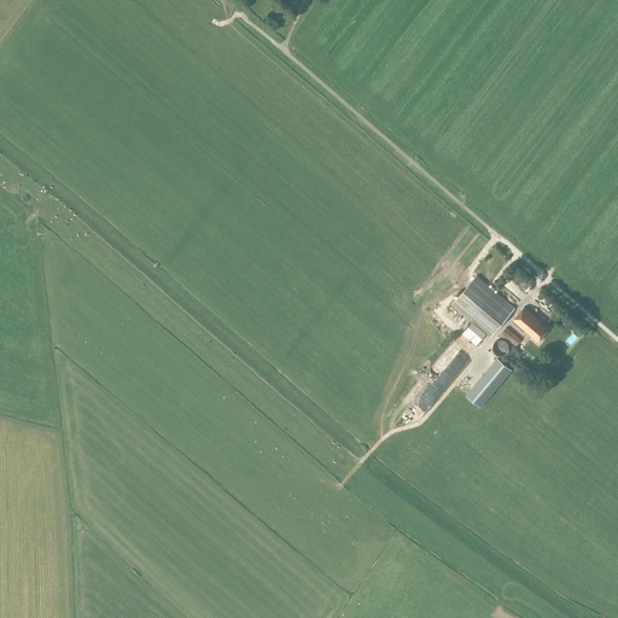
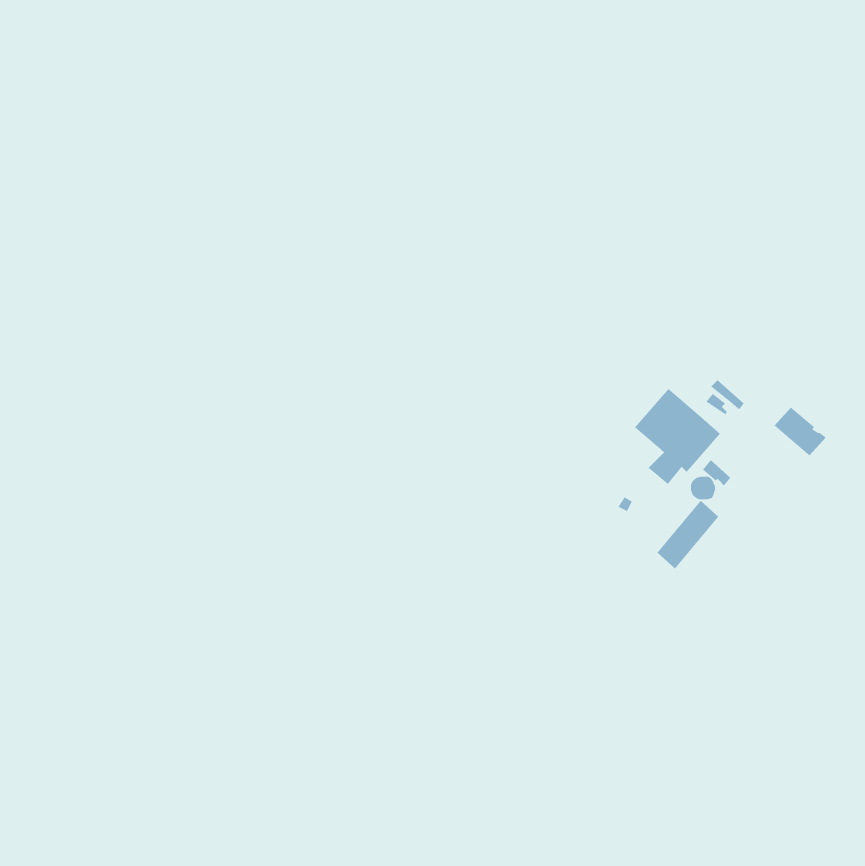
building: [513,307,550,342] -> [774,407,827,456]

